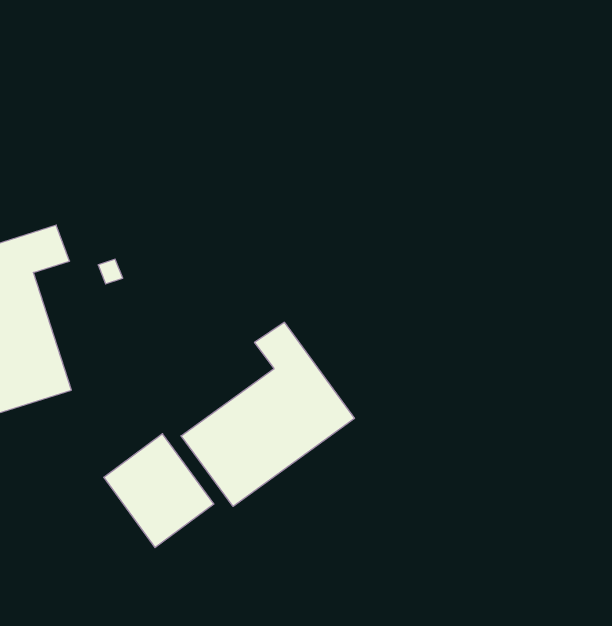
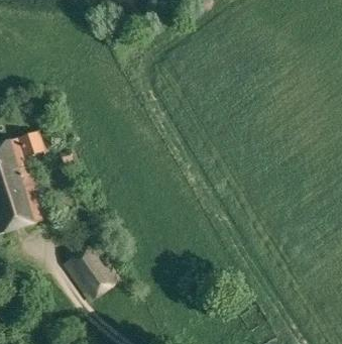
building: [181,322,354,506] -> none

